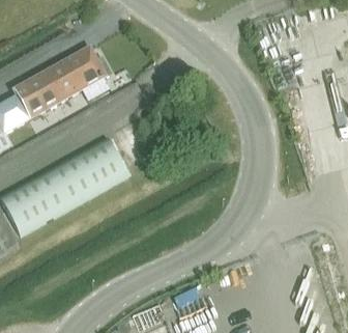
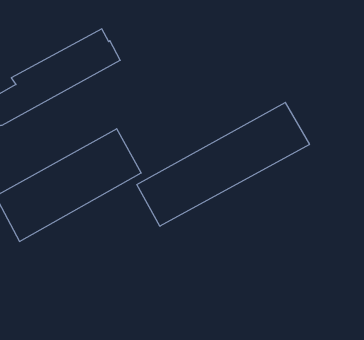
building: none -> [137,102,309,226]

